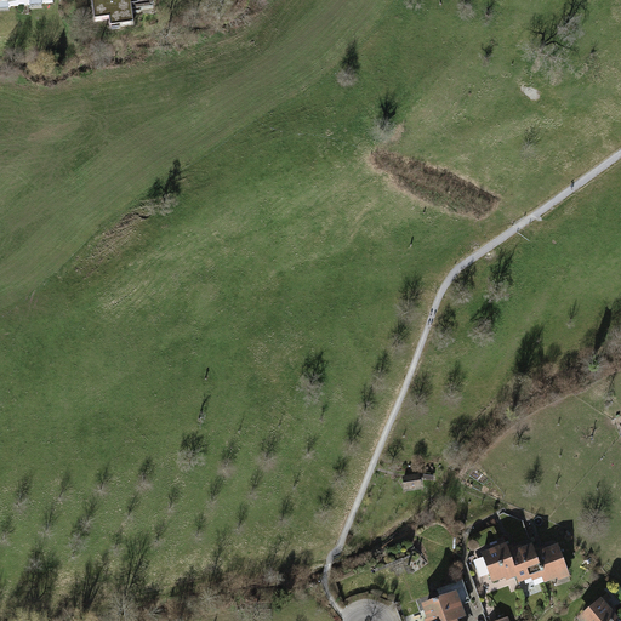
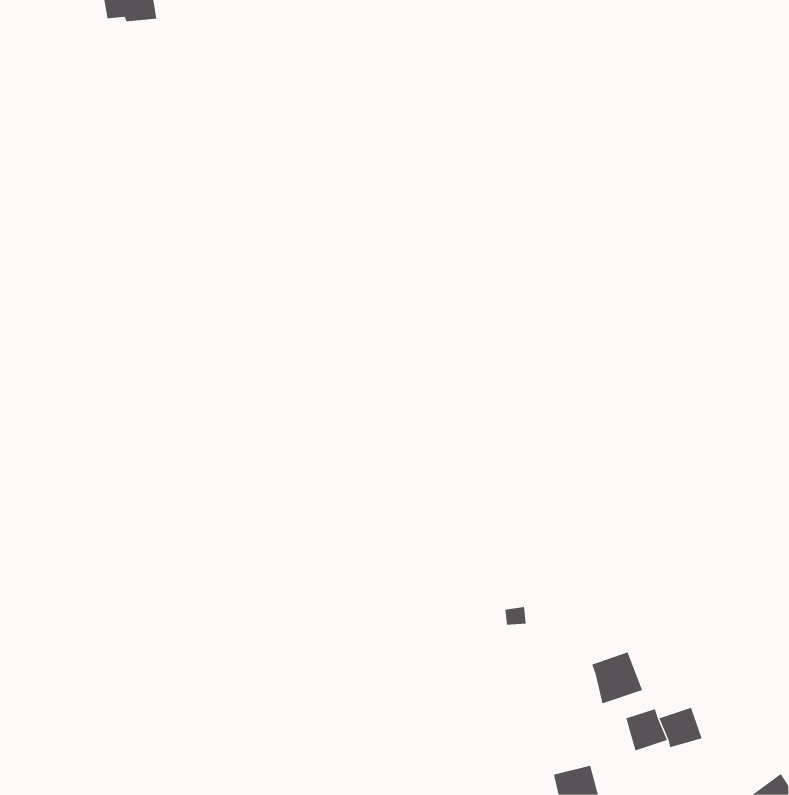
building: none -> [592,651,643,704]
building: [536,546,566,580] -> none

